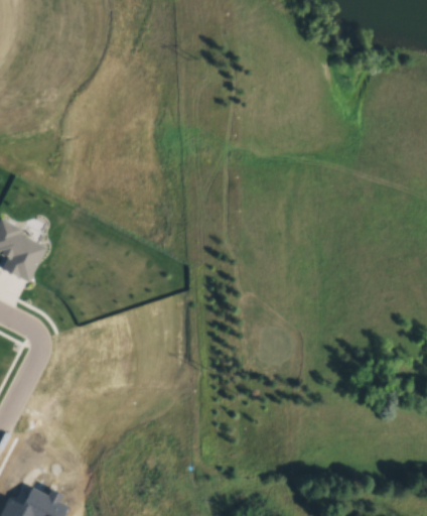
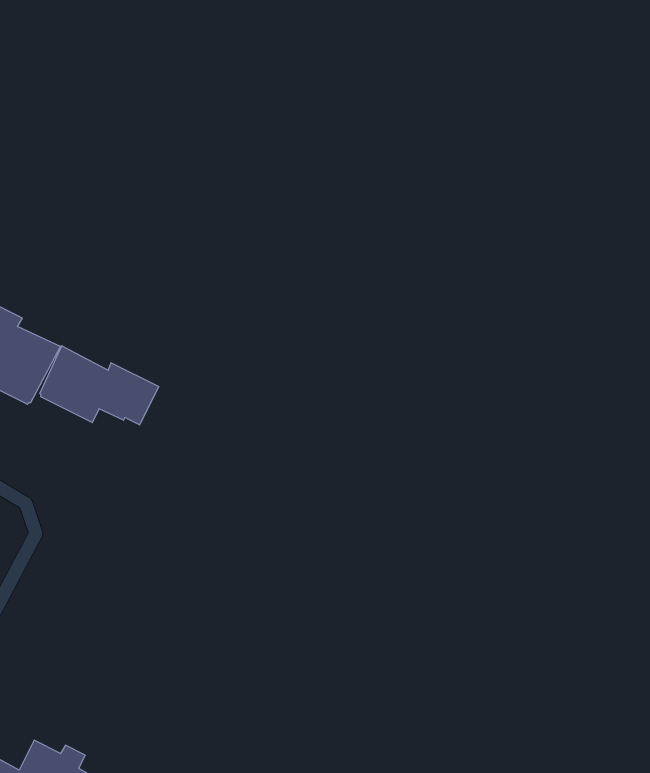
building: none -> [40,346,159,425]

